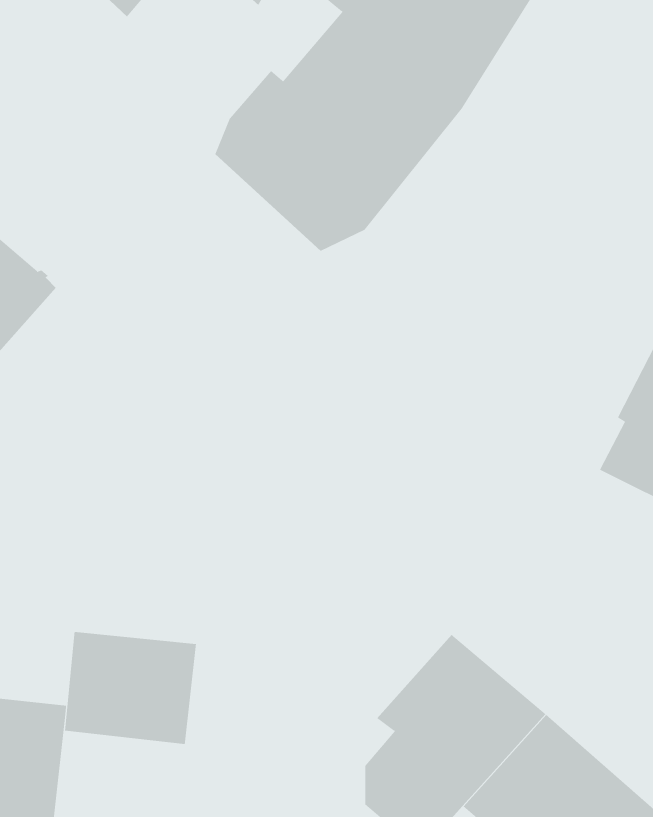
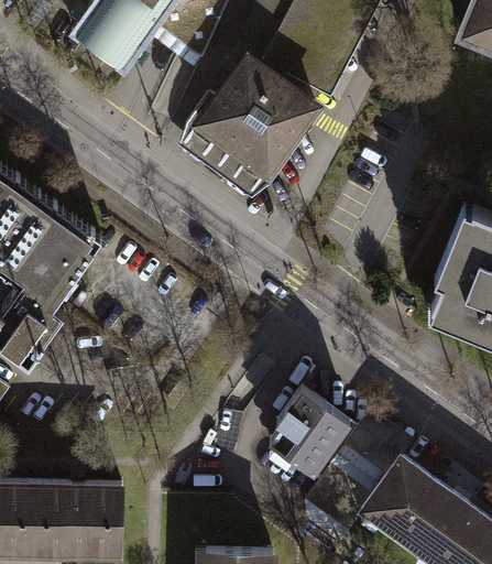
building: none -> [262,386,350,475]
building: [65,631,197,745] -> none

